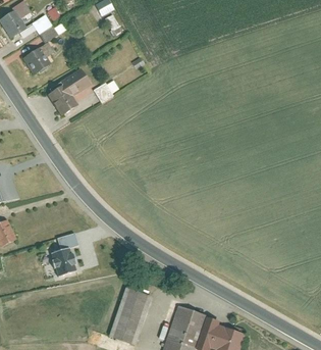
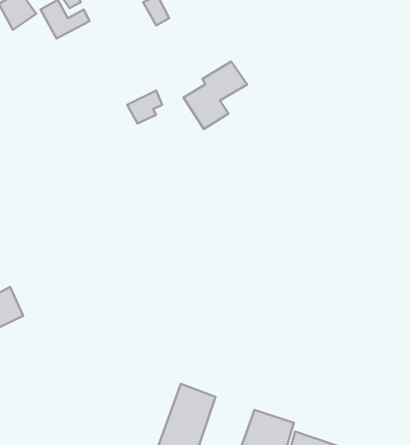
building: [23,46,52,73] -> none
building: [48,67,93,115] -> [184,61,247,129]
building: [50,248,75,277] -> none

